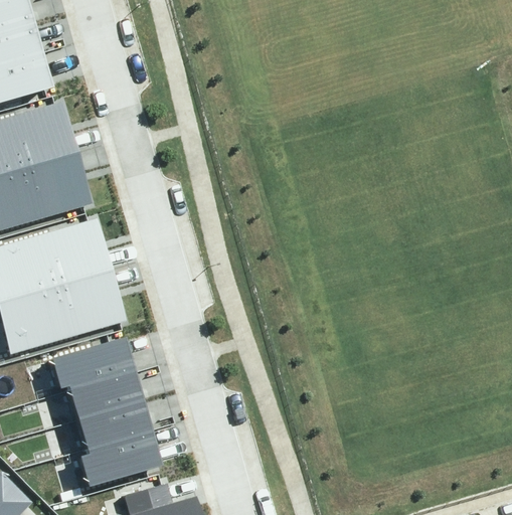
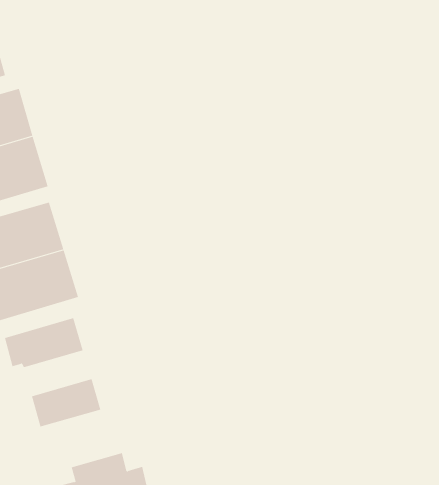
building: [67,373,139,420] -> none
building: [76,435,157,487] -> none

